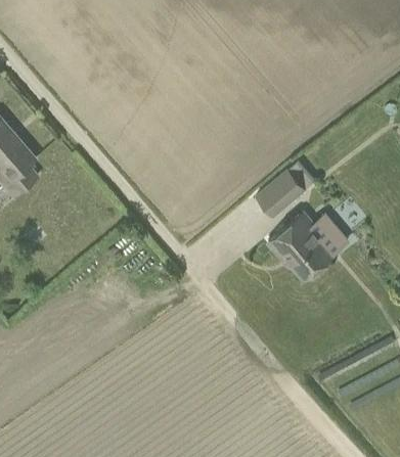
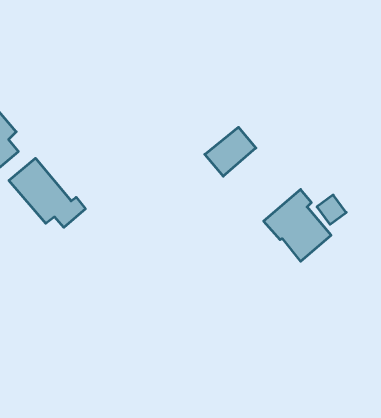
building: [256,172,304,218] -> [205,127,256,176]
building: none -> [9,158,85,227]

